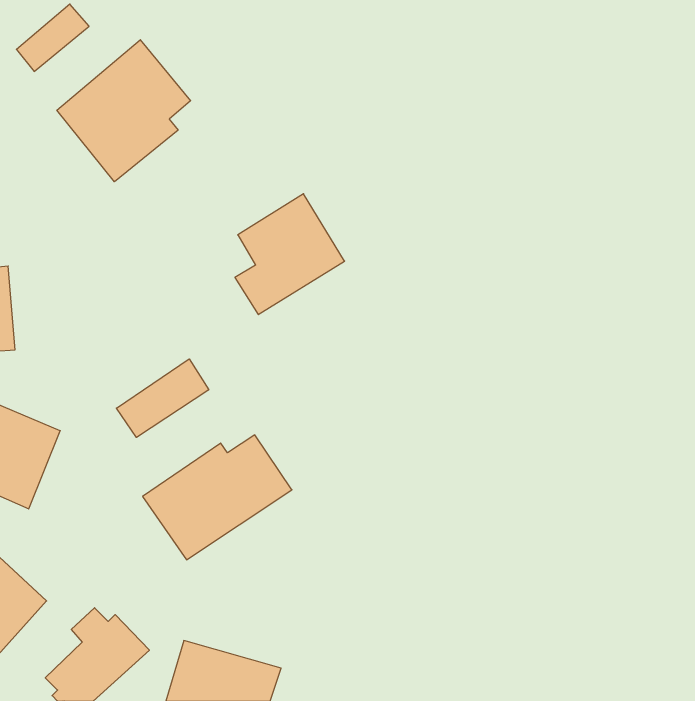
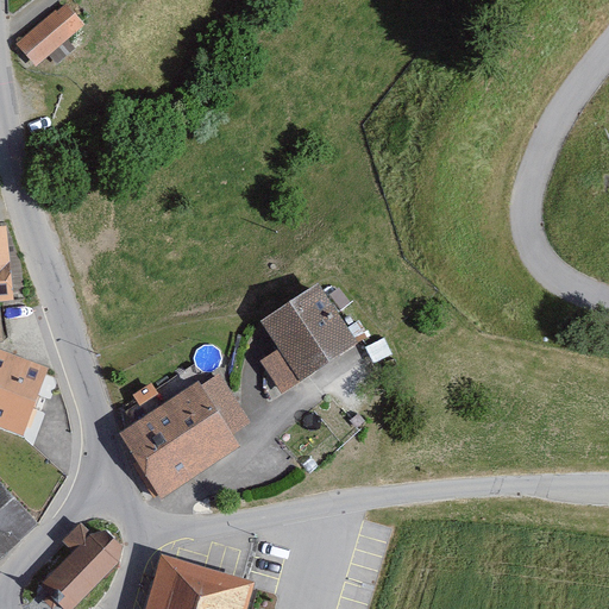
building: [57,40,191,182] -> none
building: [235,194,345,315] -> [256,282,351,387]
building: [116,359,209,437] -> none

